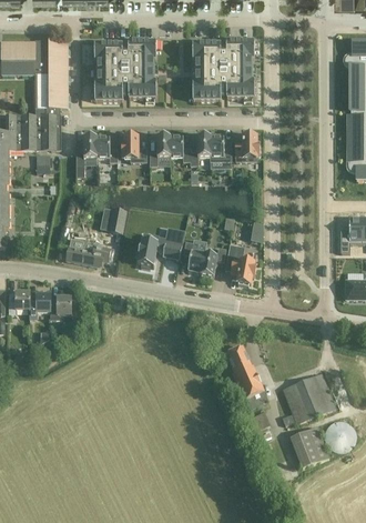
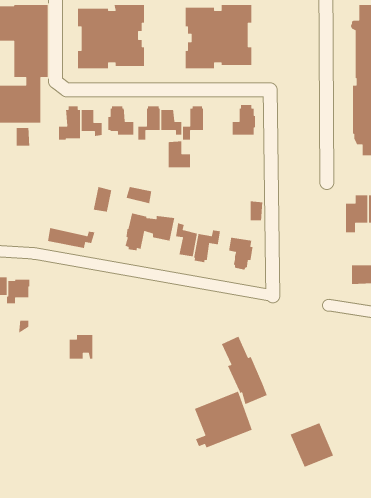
building: [210,137,231,162] -> [168,140,191,168]
building: [49,298,71,321] -> [69,334,93,359]
building: [281,373,335,426] -> [194,391,253,448]
building: [321,418,358,455] -> none

